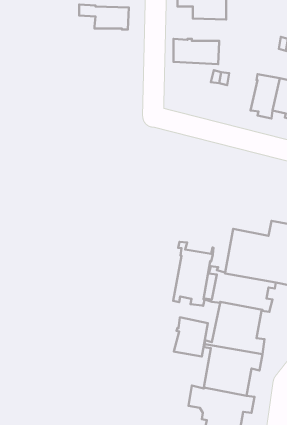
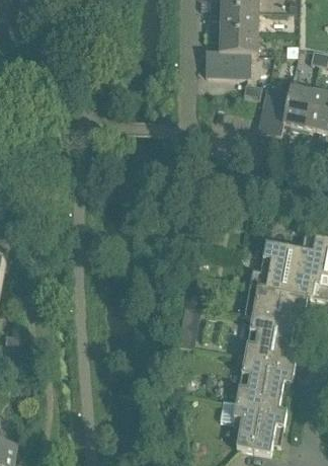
building: [79,4,129,30] -> [209,29,258,55]
building: none -> [258,88,290,137]
building: [173,242,213,306] -> none
building: [174,317,208,357] -> none

